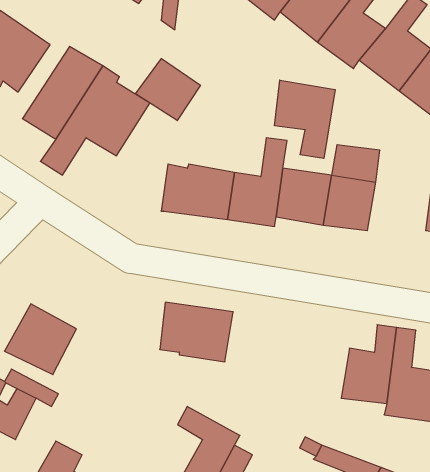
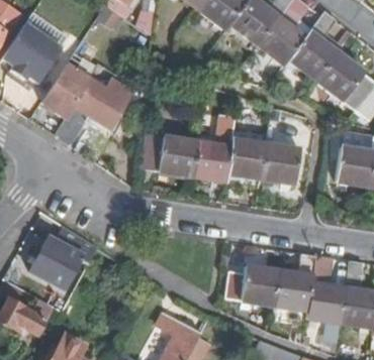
building: [136,59,200,121] -> none
building: [275,80,335,158] -> none
building: [160,302,233,362] -> [227,262,281,306]

